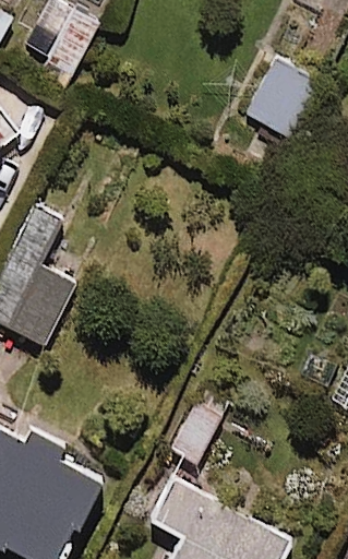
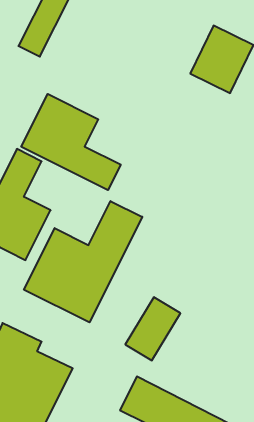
building: none -> [21,94,121,190]
building: none -> [24,201,142,322]

